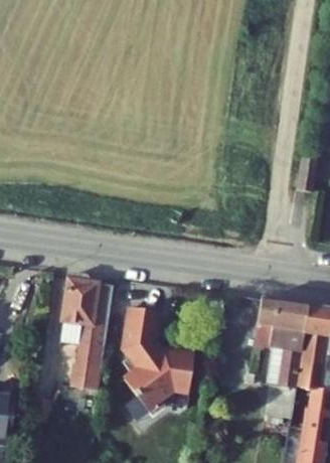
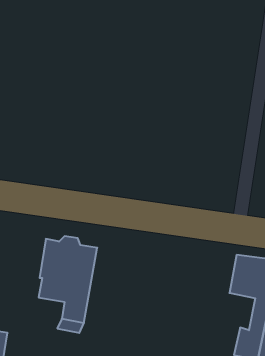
building: [120,307,192,412] -> none

